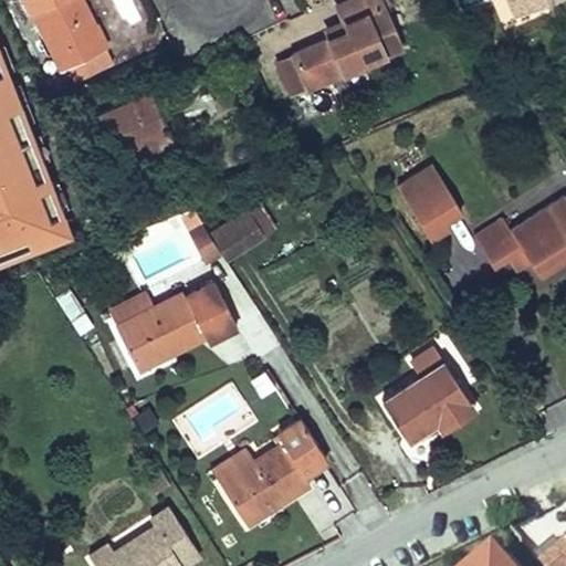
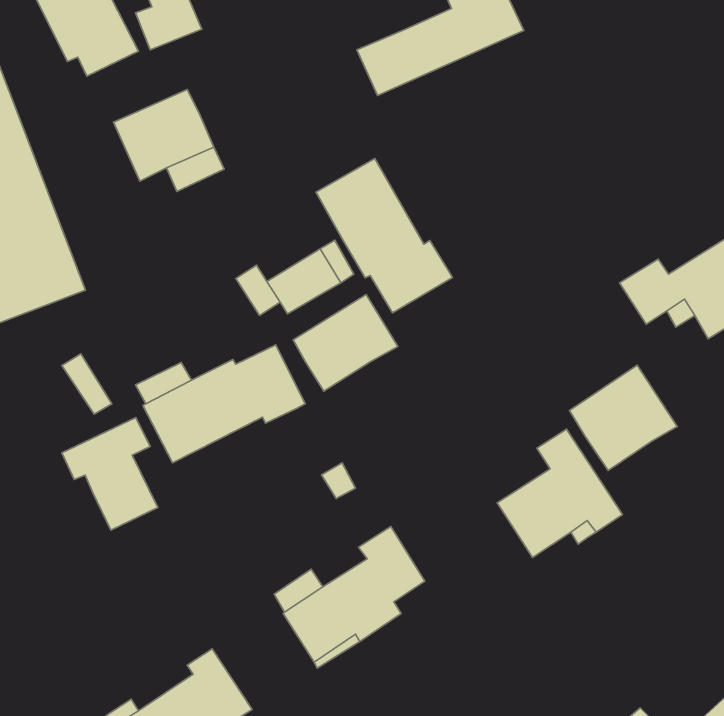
building: none -> [316,158,452,313]
building: [396,166,461,240] -> none
building: none -> [293,294,398,391]
building: none -> [570,365,677,471]
building: none -> [62,417,158,530]

